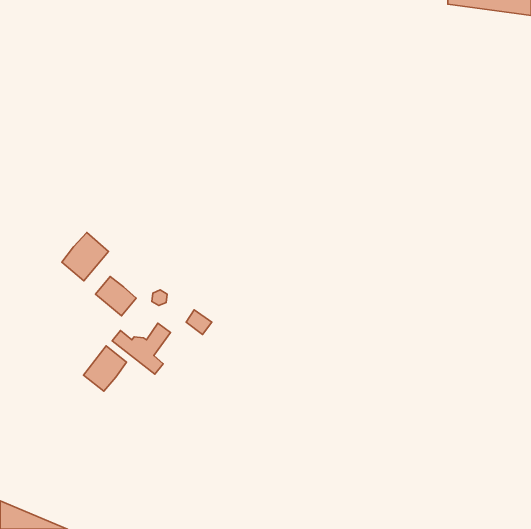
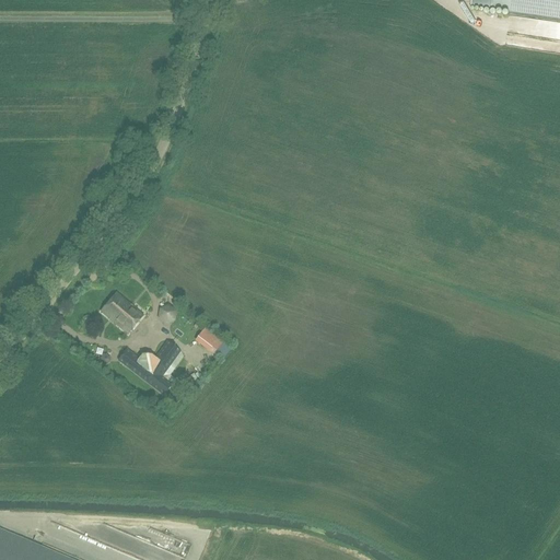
building: [62,233,109,281] -> none
building: [83,346,127,391] -> none

